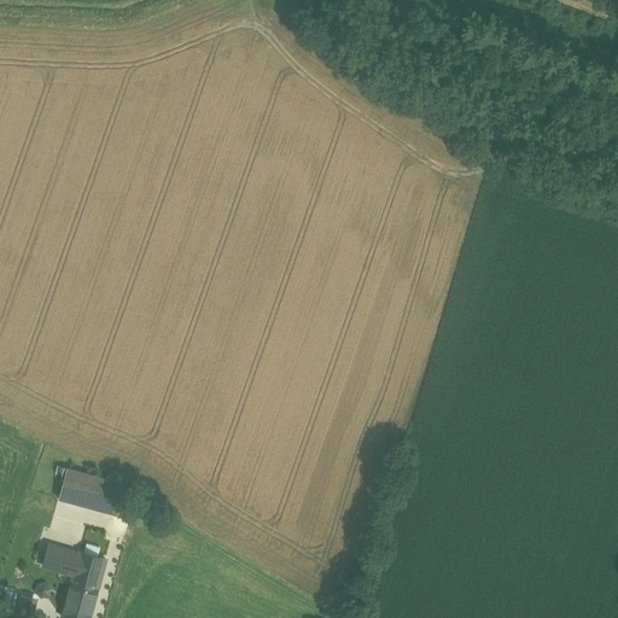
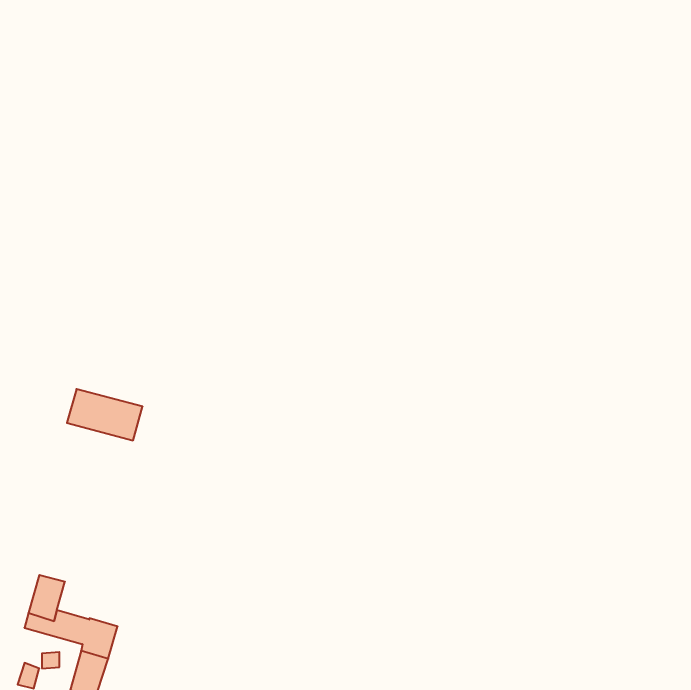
building: [59,470,127,515] -> [67,389,143,440]

